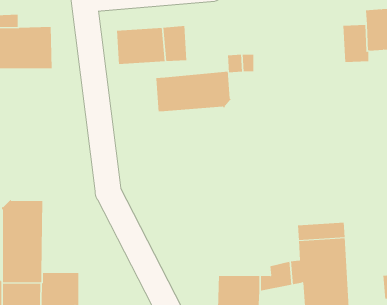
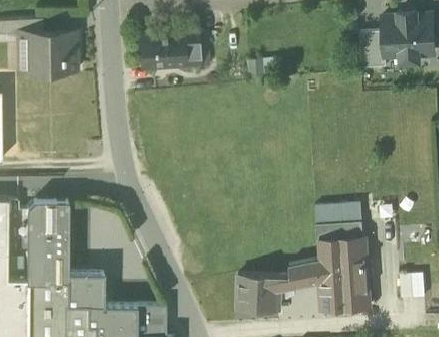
building: [156,71,231,112] -> none
building: none -> [314,205,361,226]

